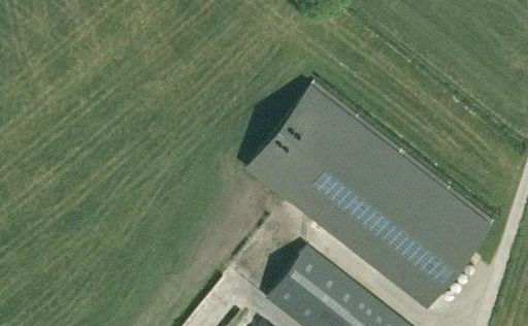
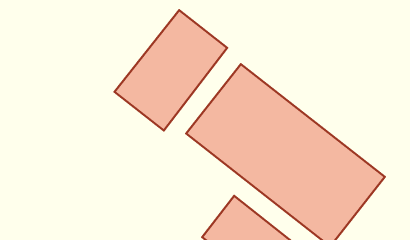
building: none -> [115,10,227,130]

